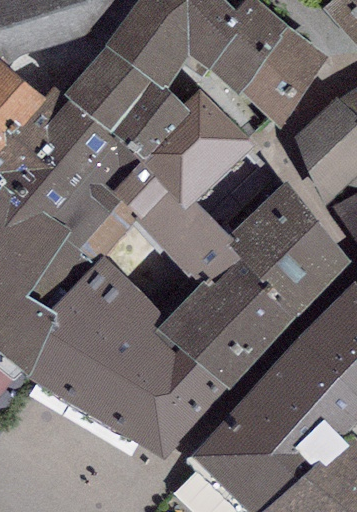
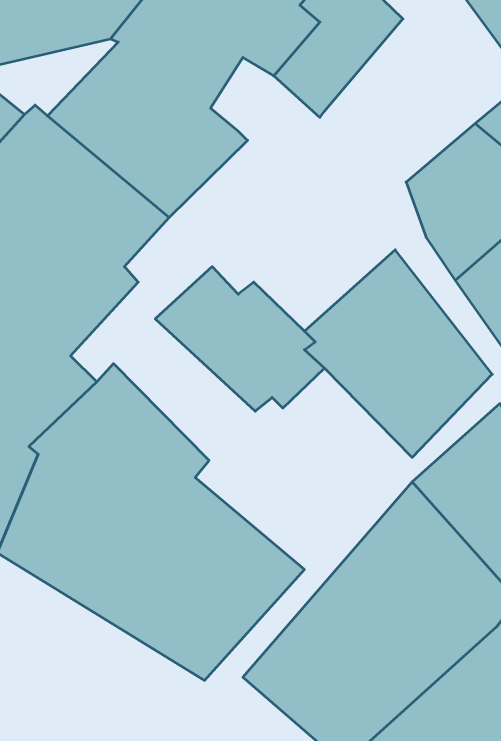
building: [241,31,328,128] -> none
building: [76,89,257,267] -> none
building: [157,258,298,389] -> none

